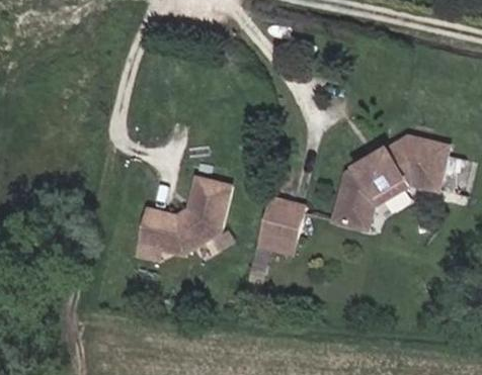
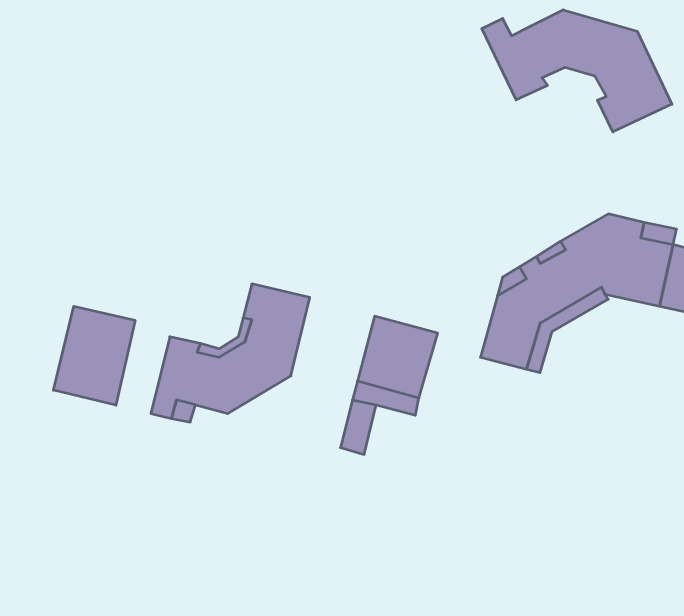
building: none -> [482,10,672,132]
building: none -> [53,306,135,405]

